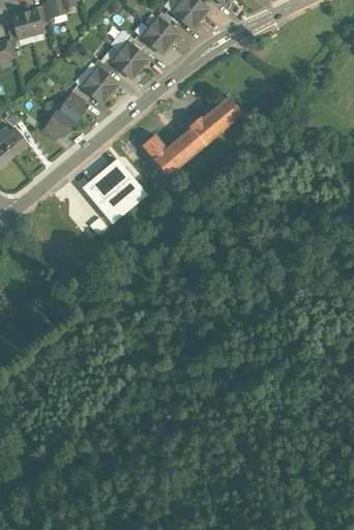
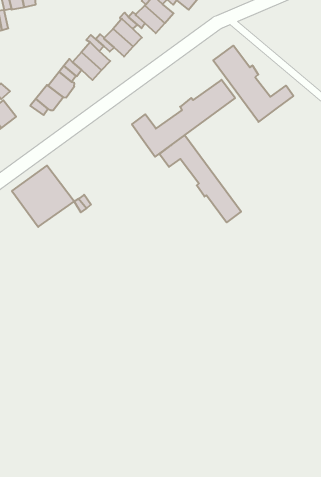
building: none -> [213,46,293,122]
building: none -> [160,135,241,222]
building: [84,160,146,222] -> [12,166,74,227]

